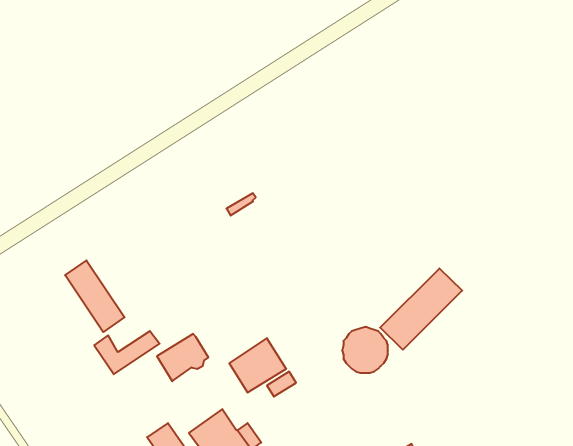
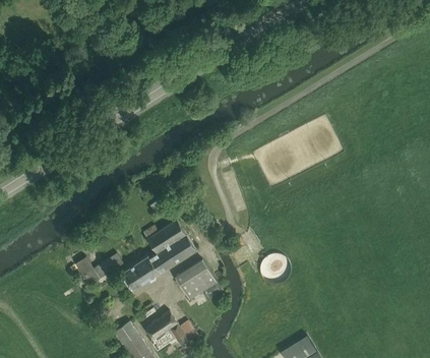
building: [65,260,125,332] -> none
building: [380,268,462,350] -> none
building: none -> [143,220,195,274]

